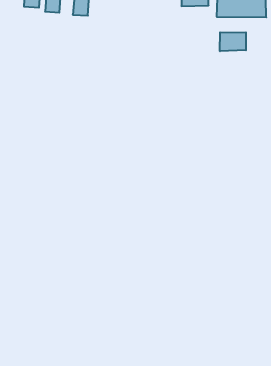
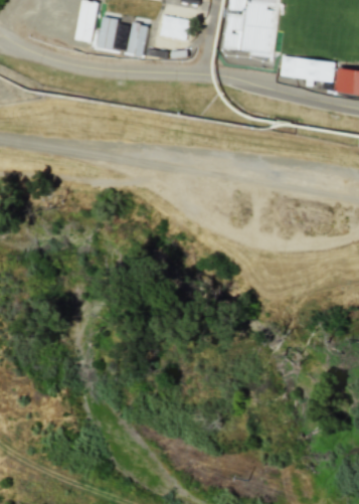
building: [220,32,246,51] -> none

